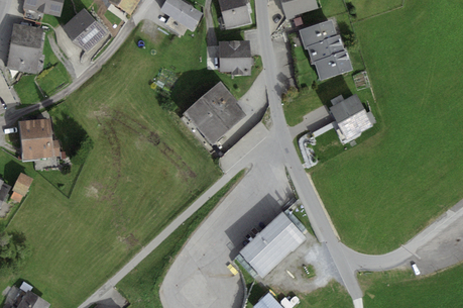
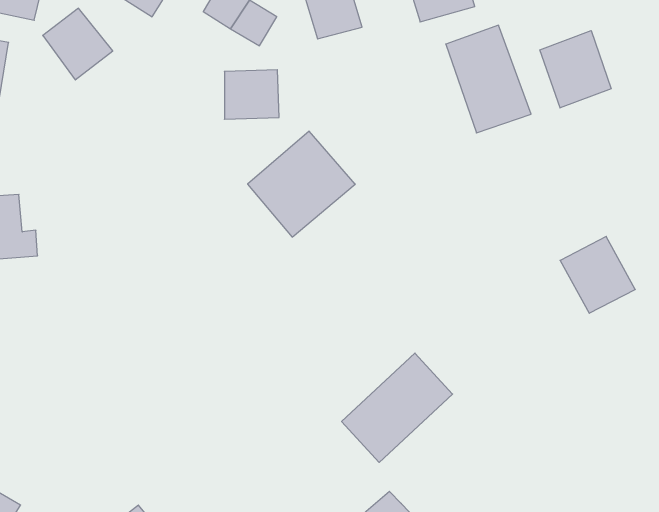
building: none -> [540,31,611,108]
building: [219,40,251,70] -> [224,70,279,119]
building: [328,92,372,137] -> [560,236,635,313]

